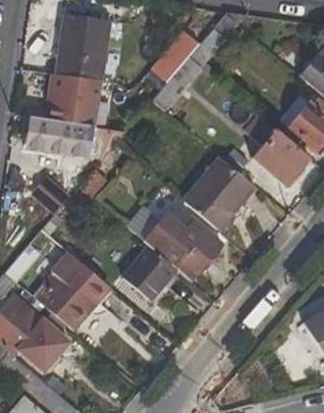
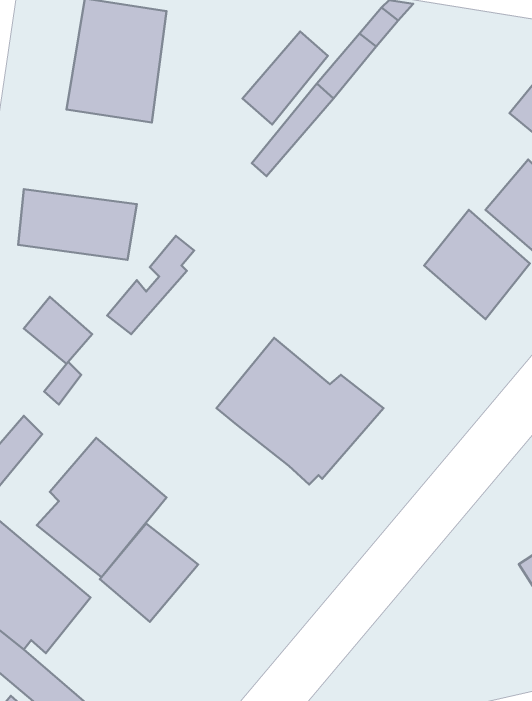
building: [48,72,102,124] -> none
building: [182,154,254,229] -> none
building: [123,246,177,300] -> [100,524,198,622]

